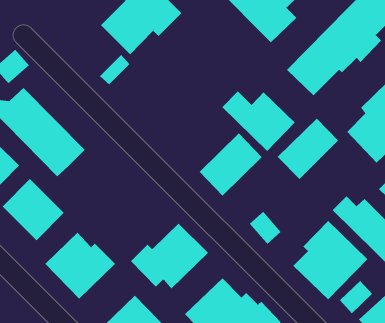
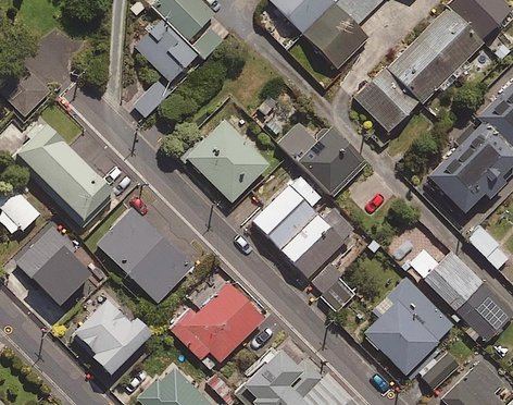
building: none -> [186,118,271,201]
building: [277,118,339,180] -> [280,204,354,278]
building: none -> [96,207,192,303]

